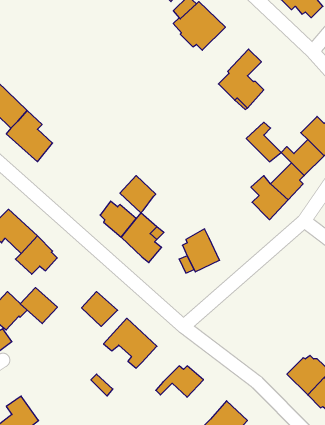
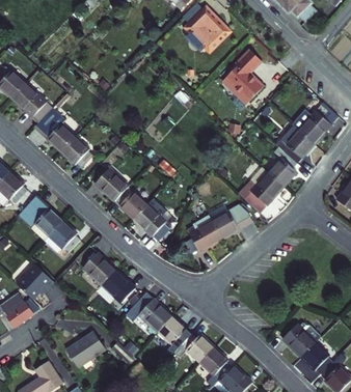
building: [246,122,281,162] -> [238,175,269,211]
building: none -> [61,134,93,166]
building: [120,176,156,213] -> [97,167,129,200]
building: none -> [215,206,255,239]
building: [20,288,57,324] -> [81,249,114,281]
building: none -> [155,315,188,347]
building: none -> [64,329,104,366]
building: none -> [195,345,231,381]

